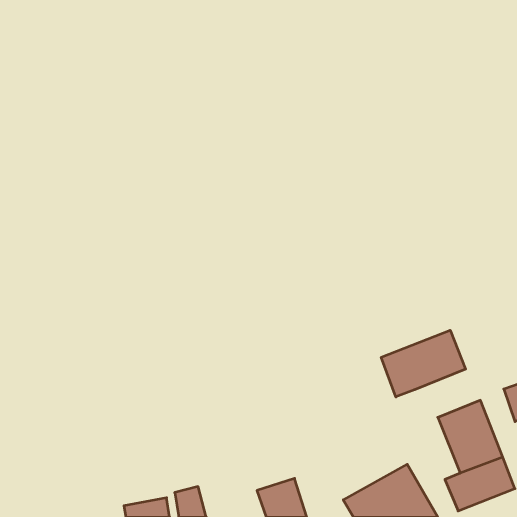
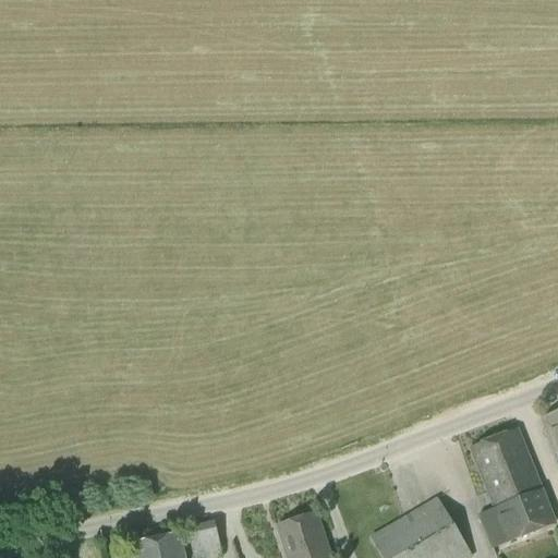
building: [381,330,466,397] -> none

